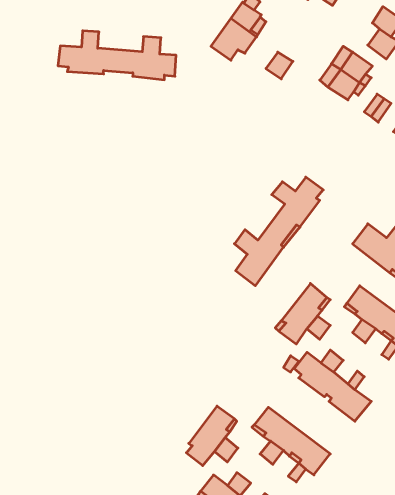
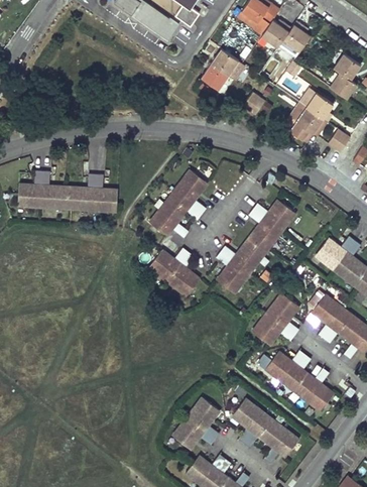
building: [58,31,176,80] -> [19,170,121,213]
building: none -> [147,169,206,238]
building: none -> [149,250,198,295]

